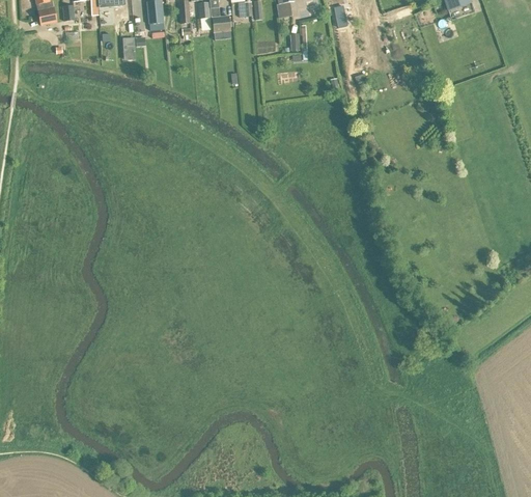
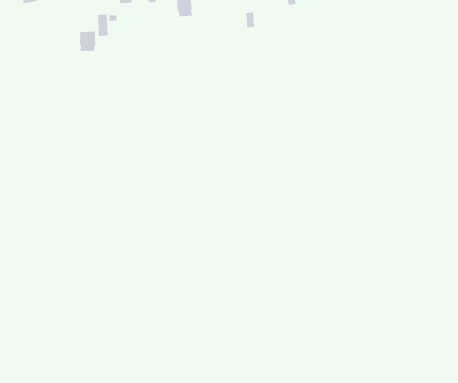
building: none -> [79,31,96,52]

